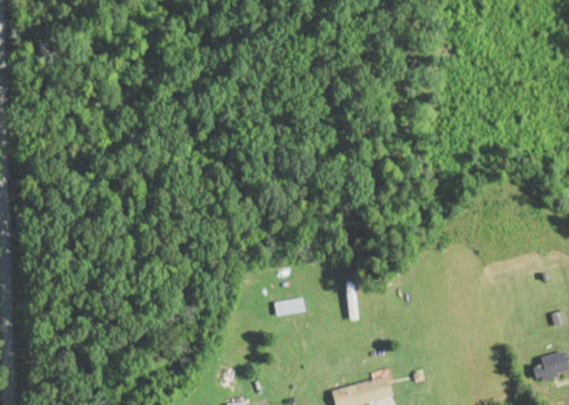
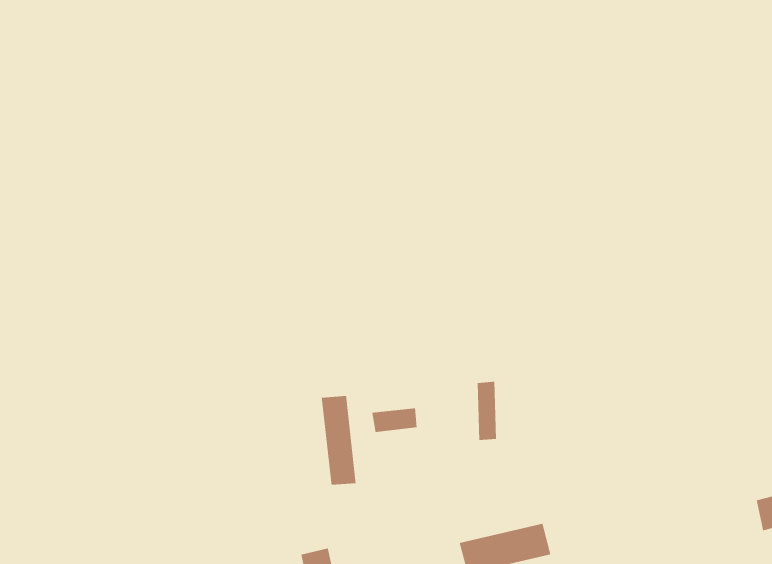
building: none -> [321,395,356,486]

